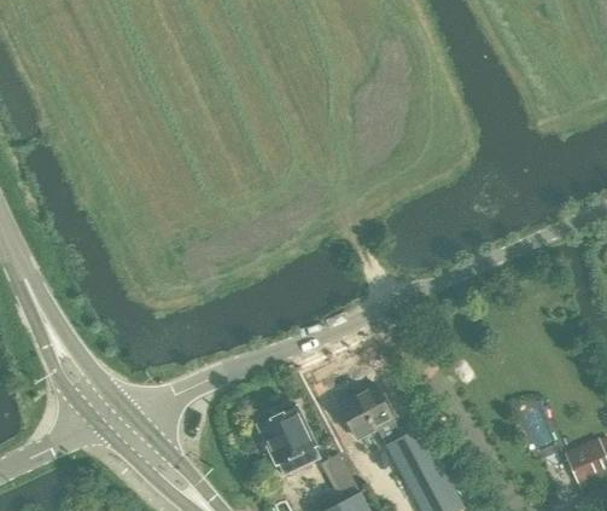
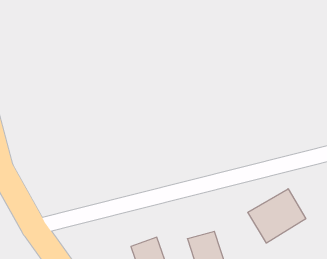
building: none -> [248,189,306,243]

